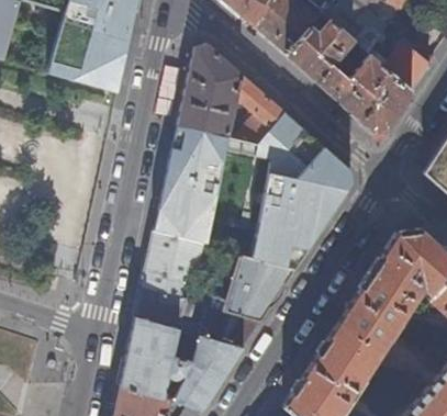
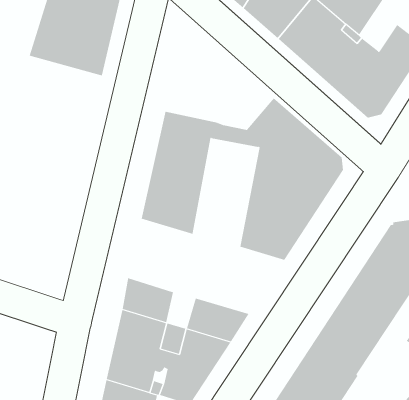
building: [178,45,283,144] -> none
building: [142,231,205,303] -> none
building: [197,256,294,323] -> none

